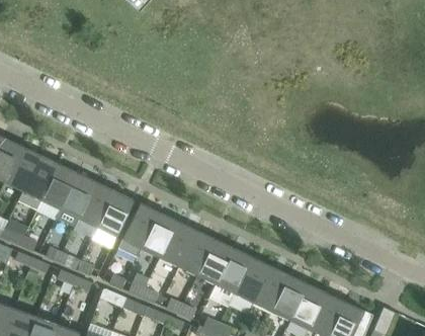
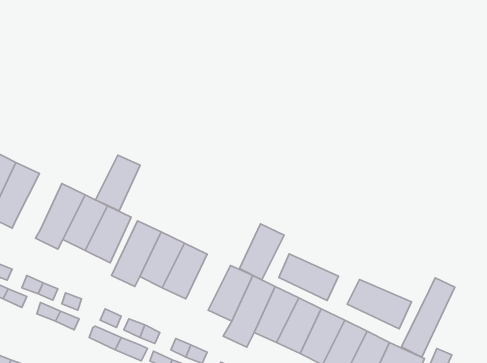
building: [40,164,77,209] -> [96,155,140,211]
building: none -> [279,254,339,300]
building: [178,230,215,275] -> [239,224,284,280]
building: none -> [402,278,455,357]
building: none -> [347,279,412,329]

